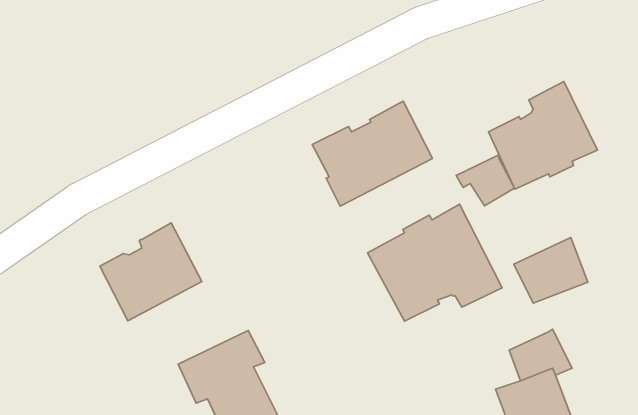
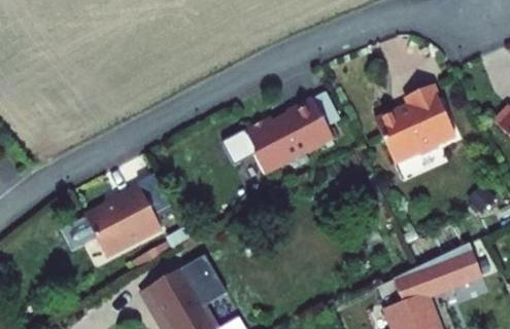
building: [456,155,514,206] -> none
building: [368,204,502,321] -> none
building: [514,238,588,303] -> [424,244,479,292]

